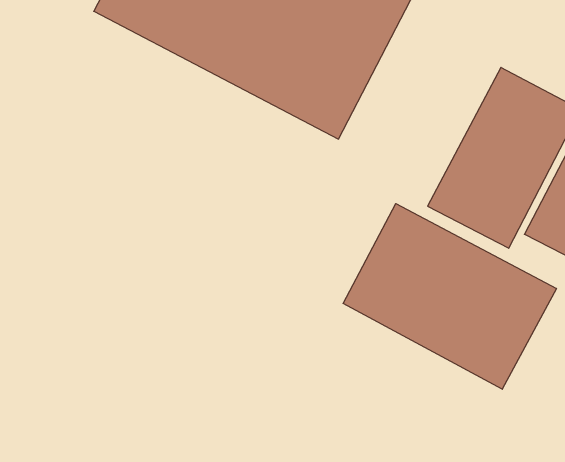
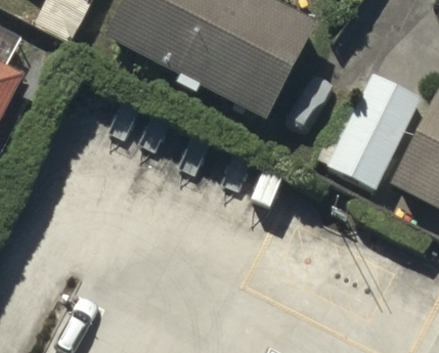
building: [343,204,556,389] -> none

